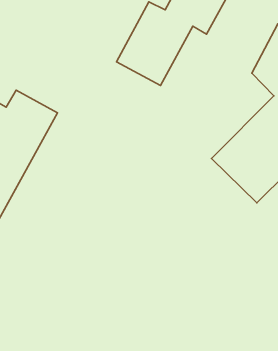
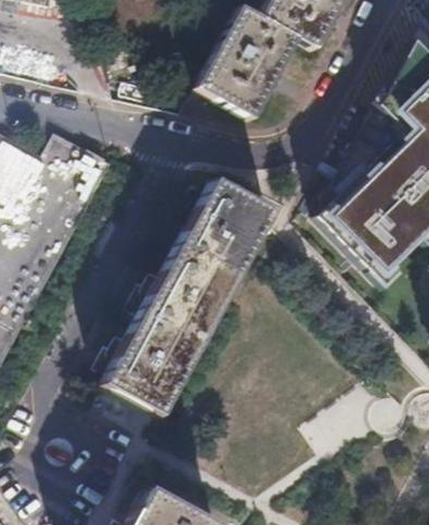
building: none -> [107,177,266,409]

